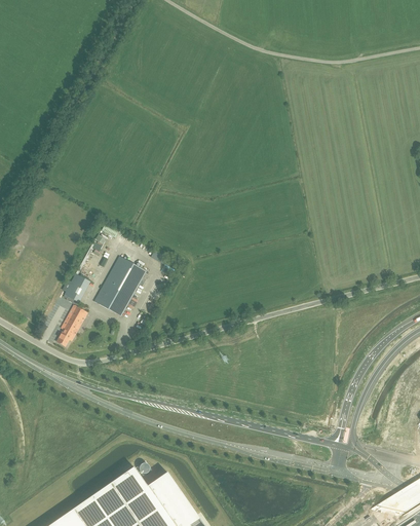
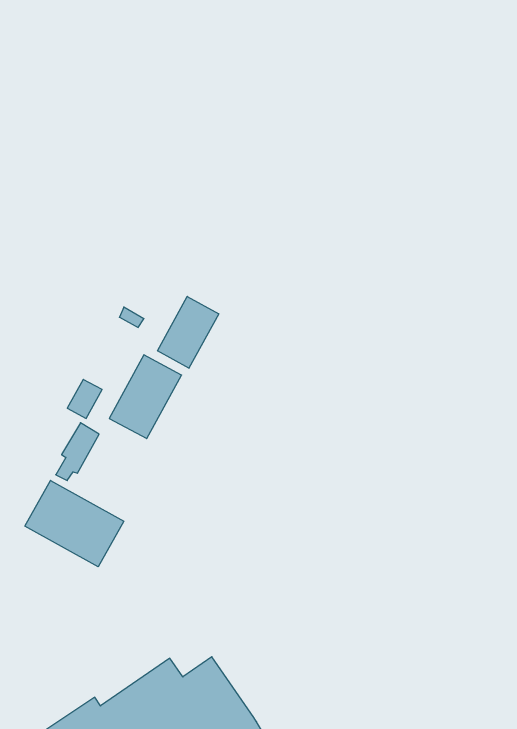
building: none -> [158,296,219,368]
building: none -> [25,480,124,567]

